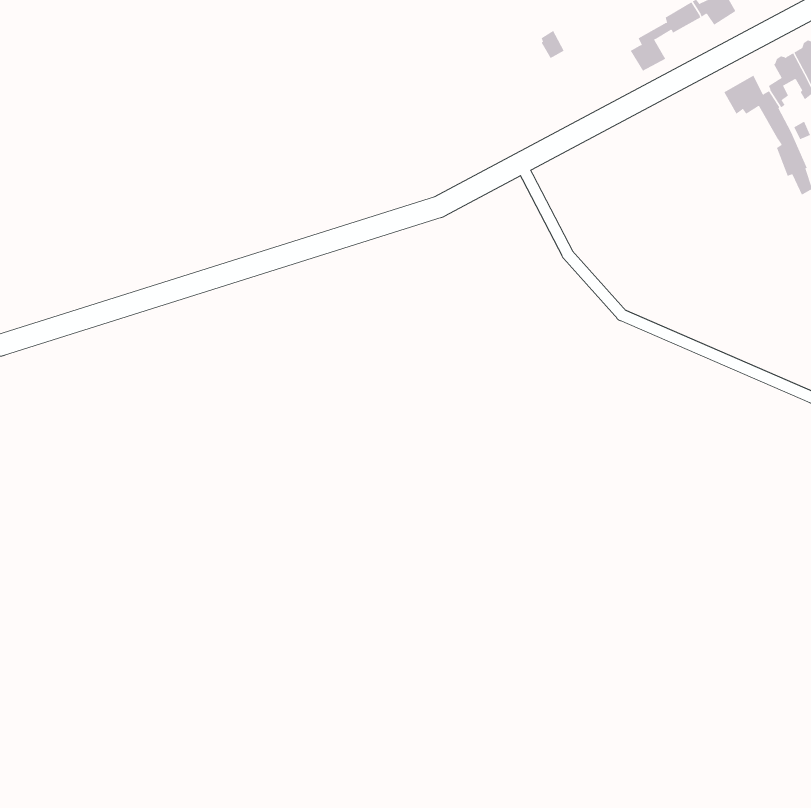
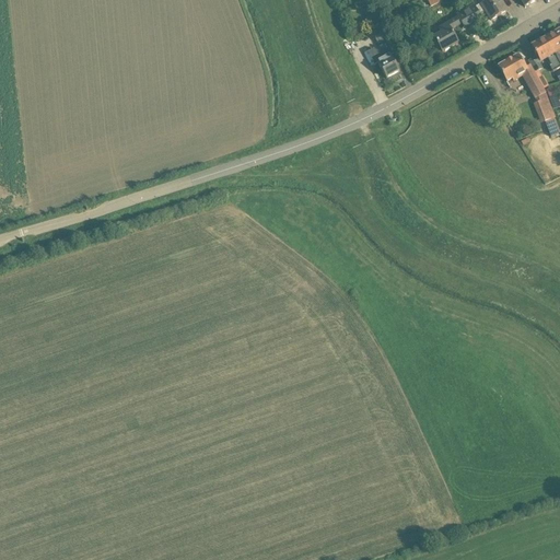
building: none -> [370,45,400,75]

